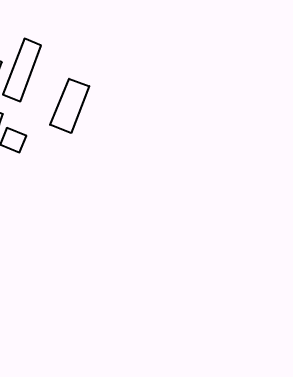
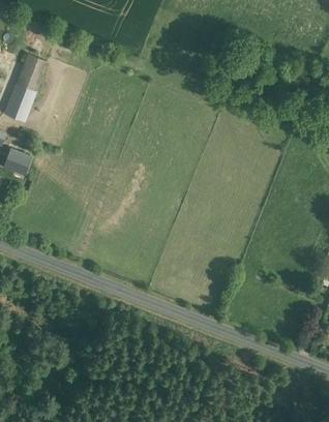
building: [50,79,89,133] -> none

